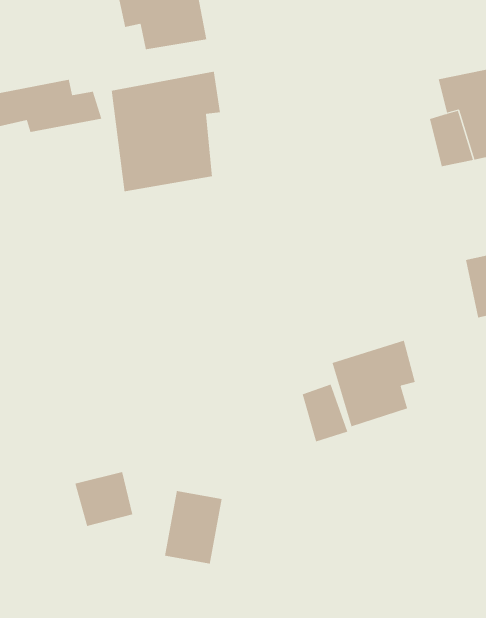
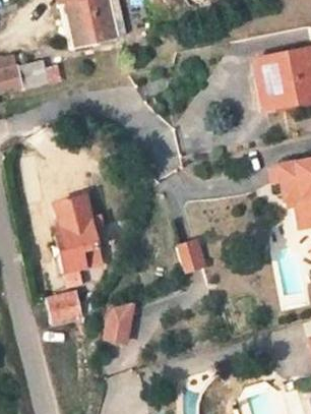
building: [111,71,220,192] -> none
building: none -> [50,188,103,287]
building: [332,340,416,427] -> none

